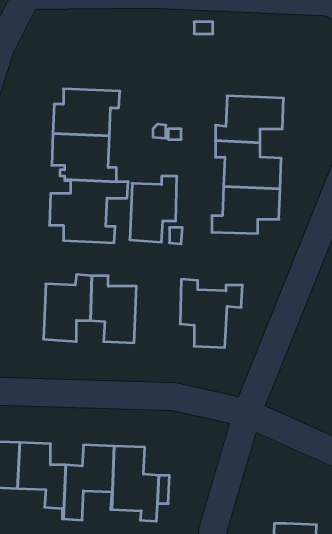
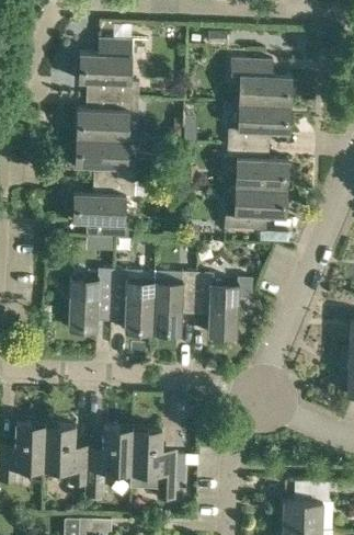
building: none -> [78,43,139,98]
building: none -> [231,59,293,104]
building: [130,176,177,242] -> [152,273,196,334]

